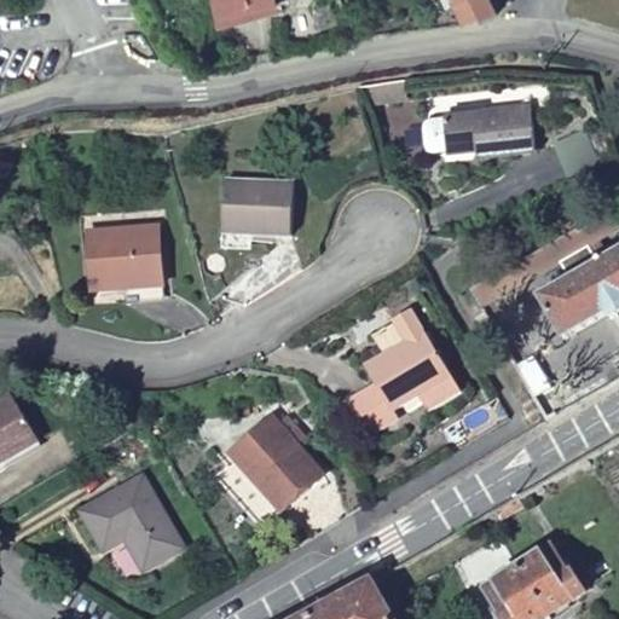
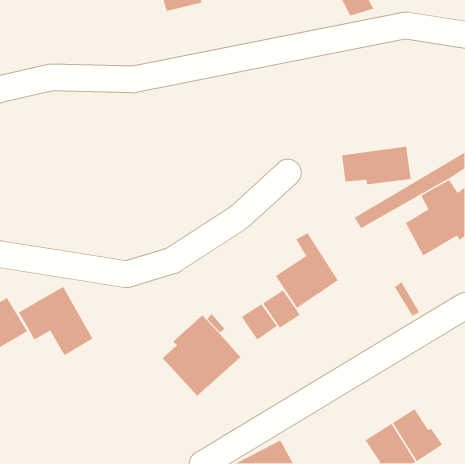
building: [441,104,534,156] -> [341,146,411,185]
building: [221,178,293,236] -> none
building: [86,225,160,288] -> none
building: none -> [241,303,278,340]
building: [80,475,180,568] -> [18,286,94,356]

